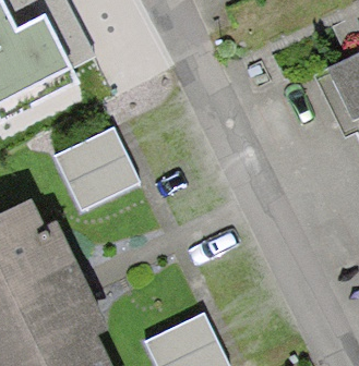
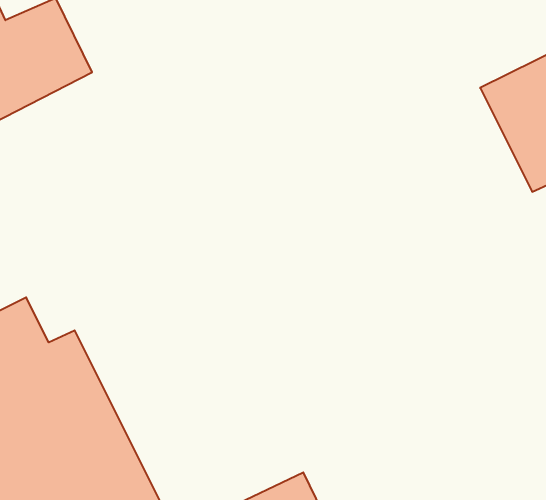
building: [58,127,141,209] -> none

